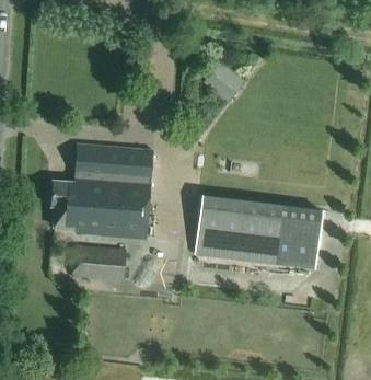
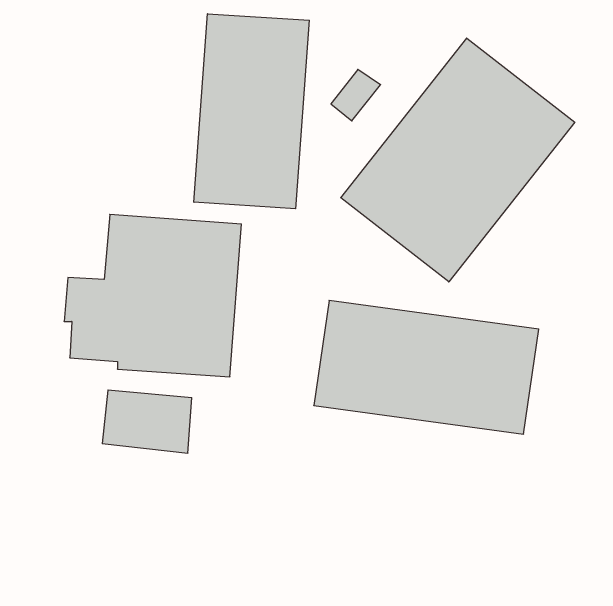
building: none -> [194,14,309,209]
building: none -> [341,38,575,282]

